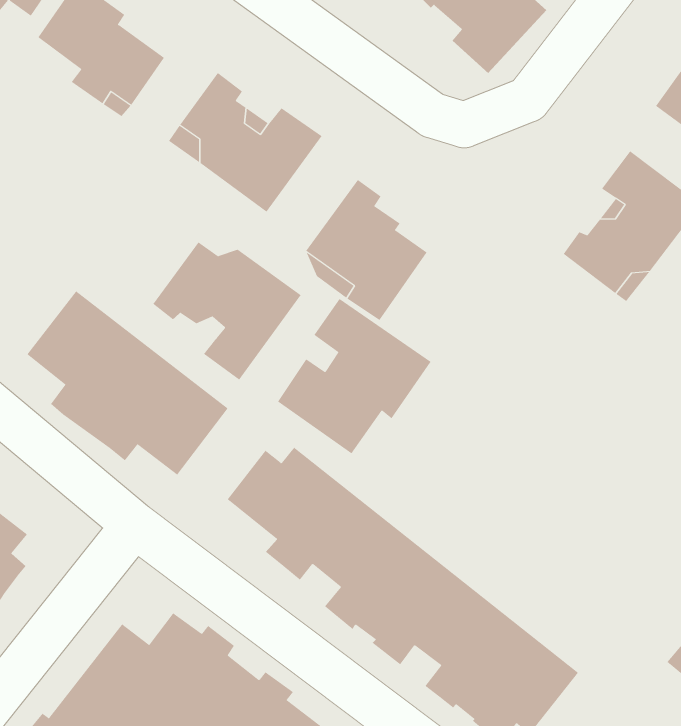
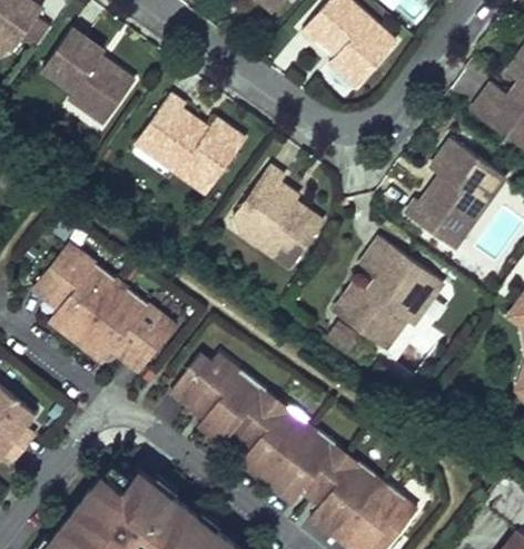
building: [153,241,301,381] -> none
building: [277,298,431,454] -> [336,243,444,352]

